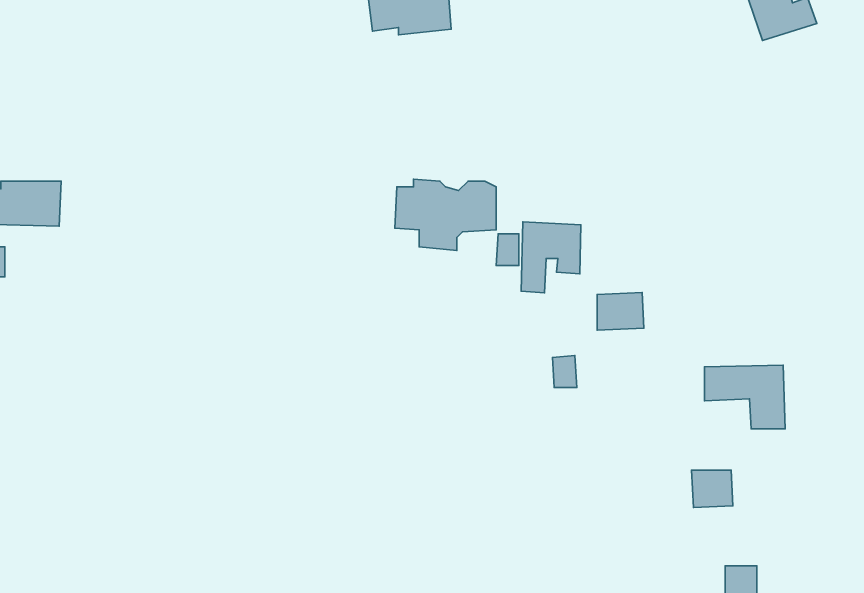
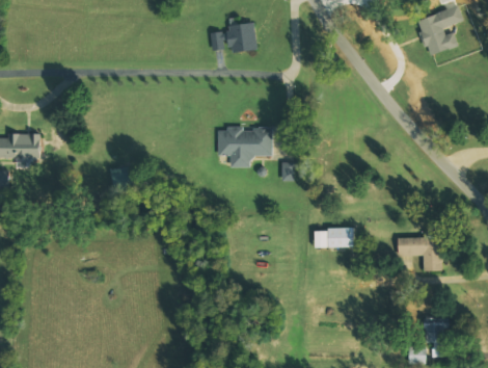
building: [521,222,581,293] -> none
building: [597,293,644,330] -> [326,227,352,247]
building: [692,470,733,508] -> [423,322,445,343]

